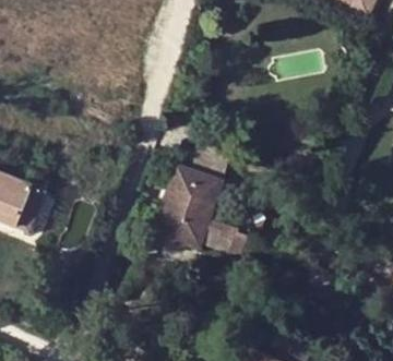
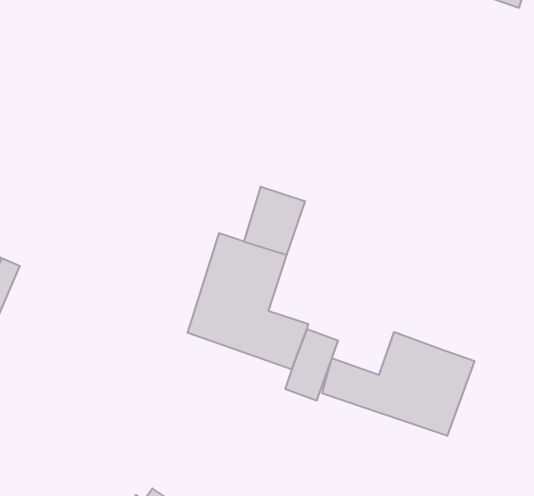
building: none -> [322,332,474,436]

